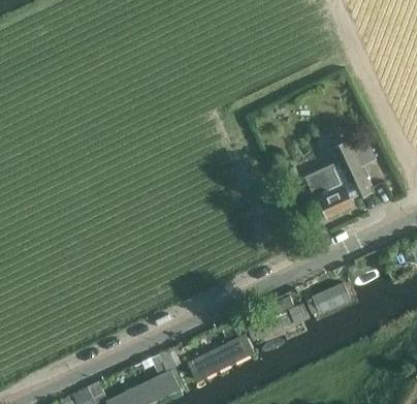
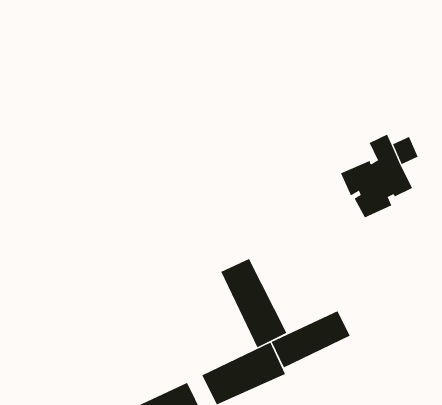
building: none -> [220,258,287,348]
building: [303,279,357,322] -> none

